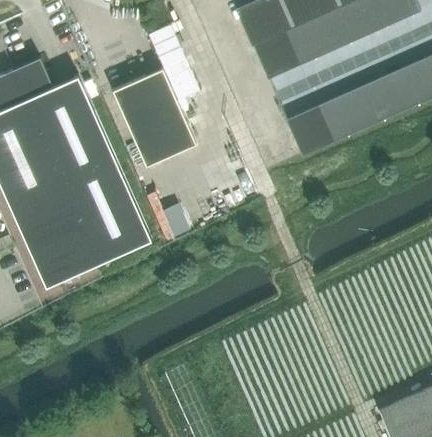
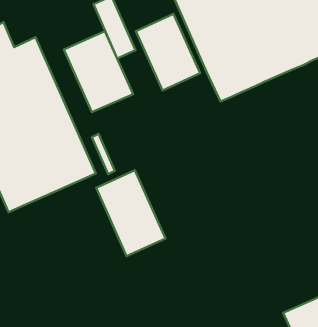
building: none -> [136,14,200,90]
building: none -> [96,170,165,256]

